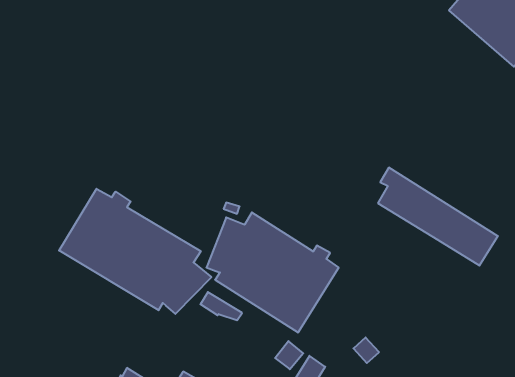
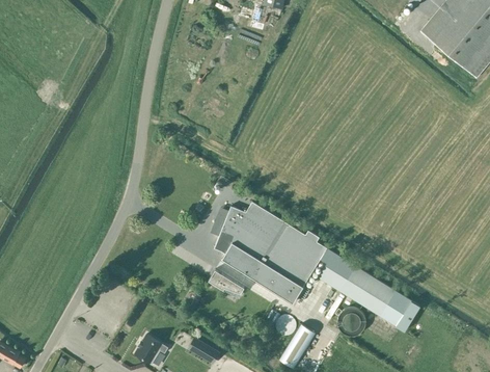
building: [378,168,498,266] -> [318,248,419,331]
building: [59,189,211,314] -> none

